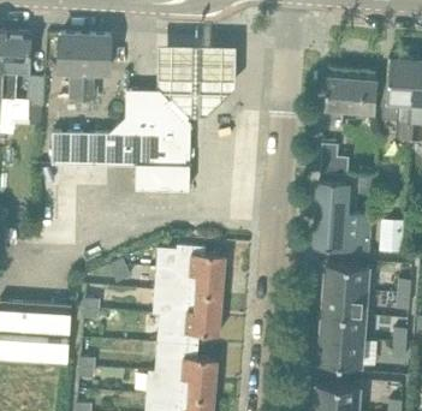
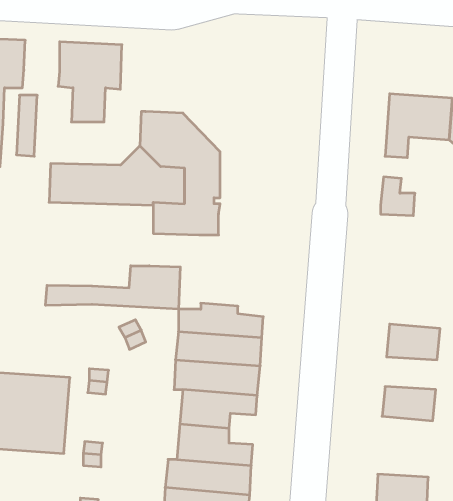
building: [159,49,234,123] -> none
building: [314,181,370,252] -> none
building: none -> [46,266,180,309]
building: [323,290,365,316] -> none
building: [319,338,362,367] -> none

